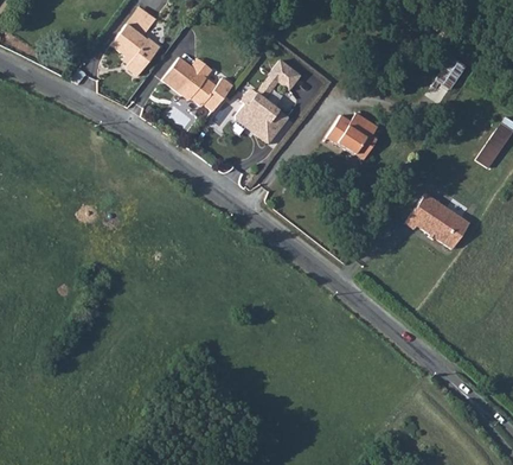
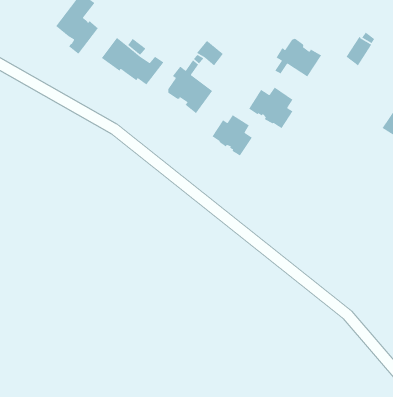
building: none -> [274,38,322,77]
building: none -> [212,114,253,157]
building: [406,193,470,249] -> none

